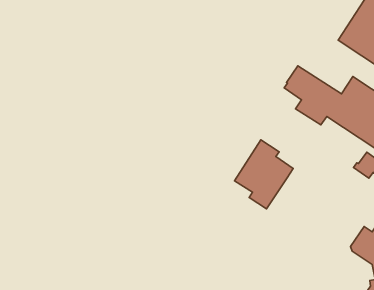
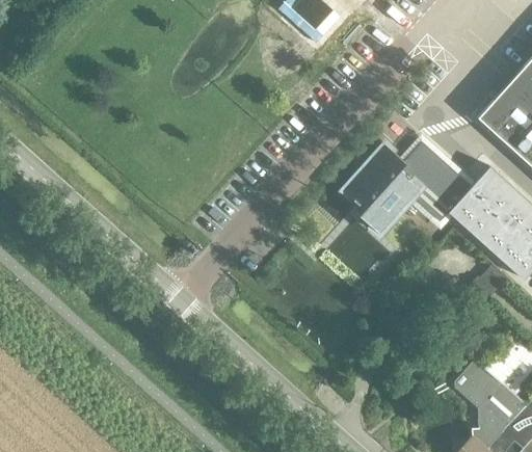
building: [234,140,293,209] -> [343,144,420,233]

